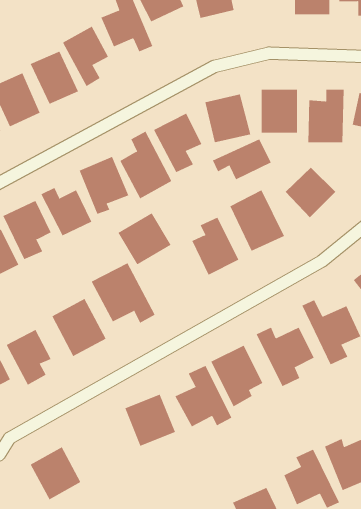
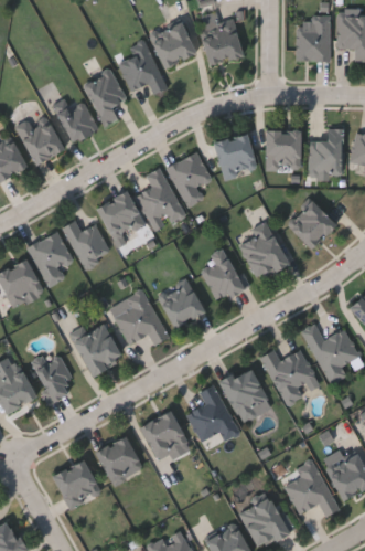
building: [212,138,271,180] -> none
building: [118,212,171,265] -> [155,280,205,329]
building: none -> [96,435,142,484]

